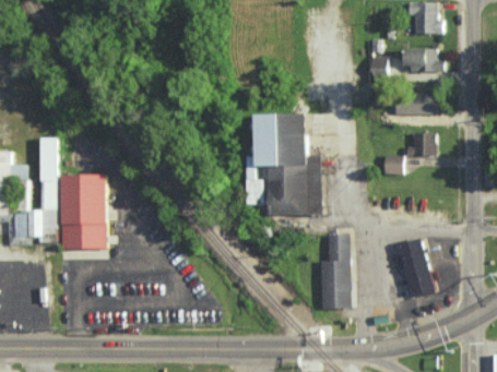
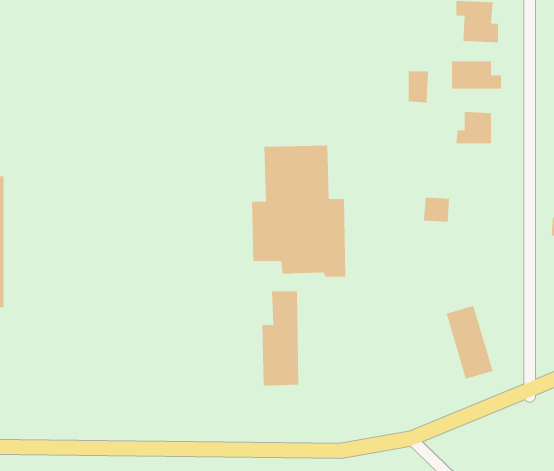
building: [405,133,435,156] -> none
building: [62,175,108,250] -> none
building: [321,236,351,310] -> [261,291,299,386]

